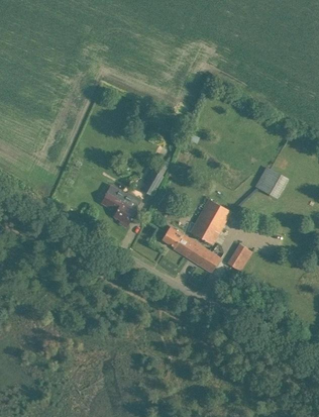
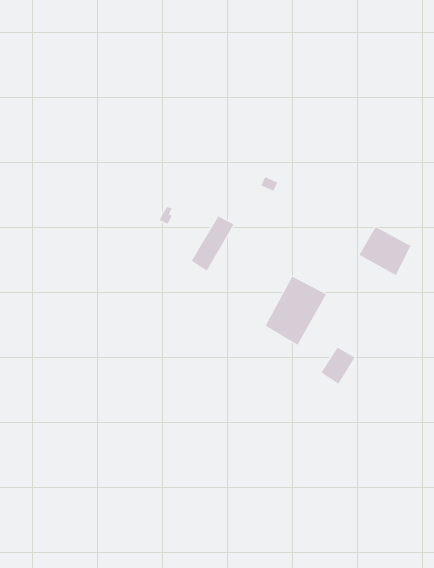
building: [109,192,140,226] -> none
building: [161,226,219,273] -> none

